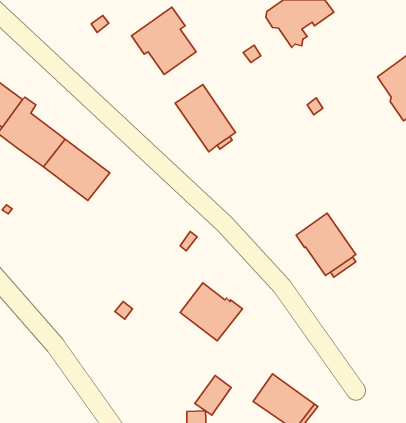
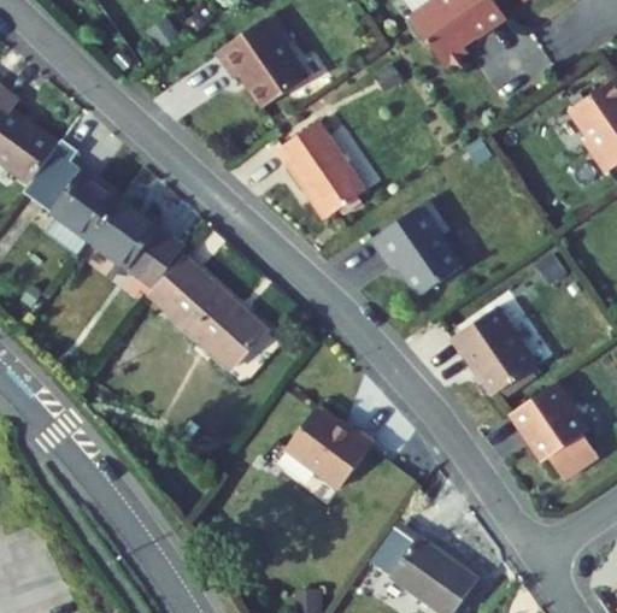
building: none -> [369,199,463,294]
building: none -> [148,257,265,369]
building: none -> [509,381,597,478]
building: [195,376,231,415] -> [365,519,417,576]

